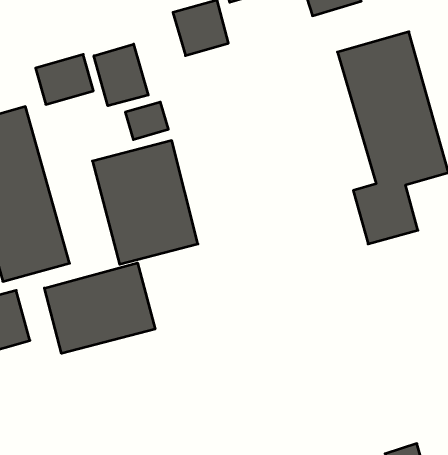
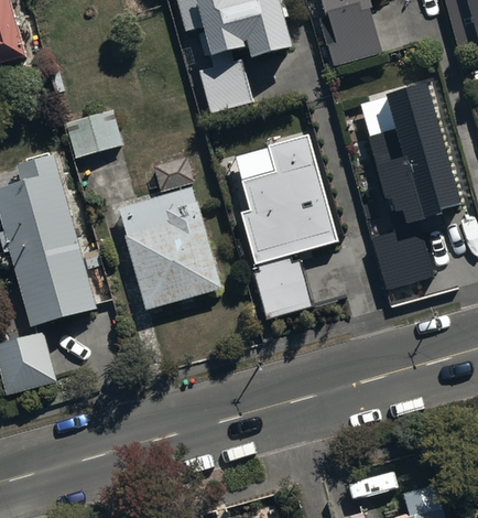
building: [94,44,148,106] -> none
building: none -> [237,128,336,313]
building: [44,263,155,353] -> none

